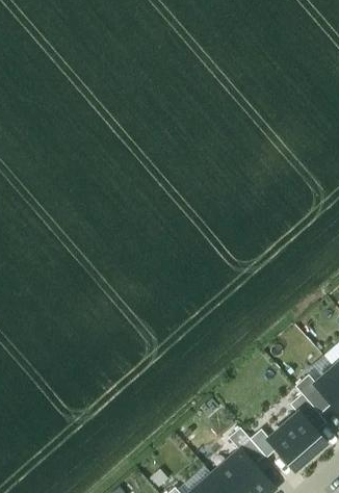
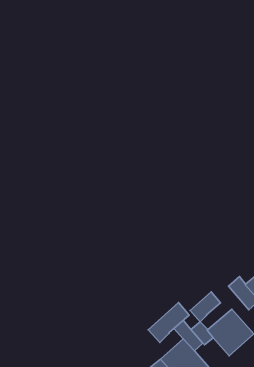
building: none -> [190,292,220,322]
building: none -> [148,302,189,343]

